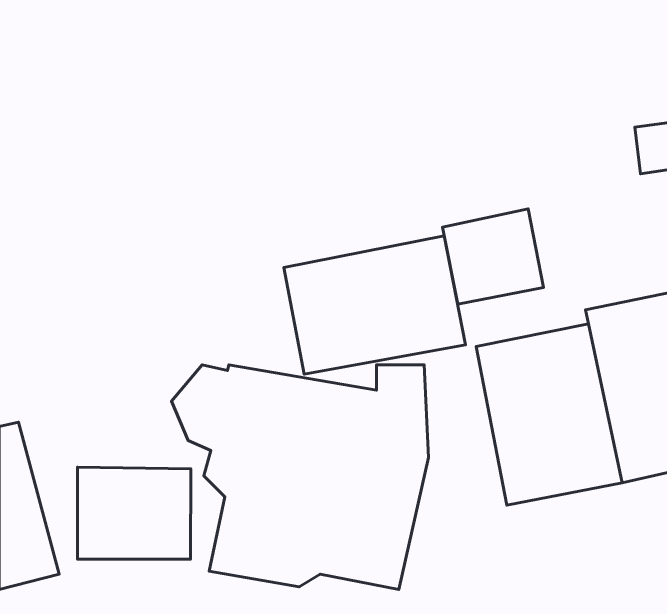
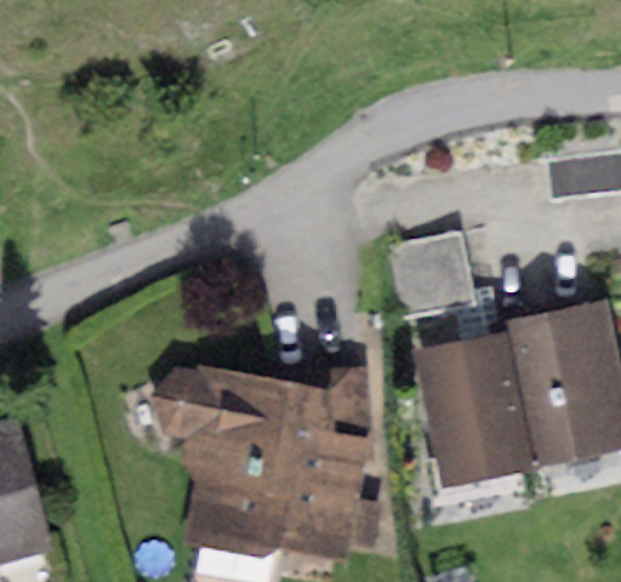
building: [284,236,466,374] -> none
building: [78,467,191,559] -> none

